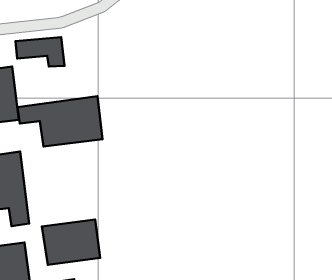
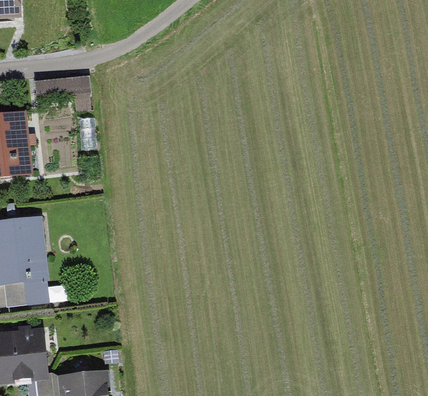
building: [18,96,103,146] -> none
building: [42,219,100,265] -> none

